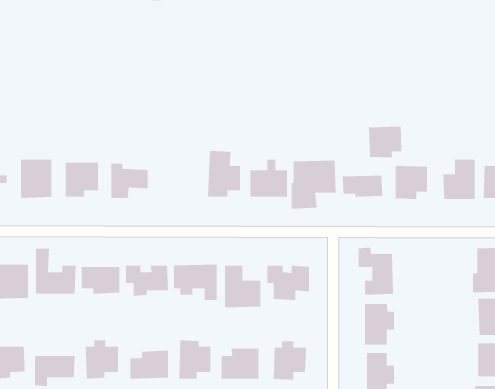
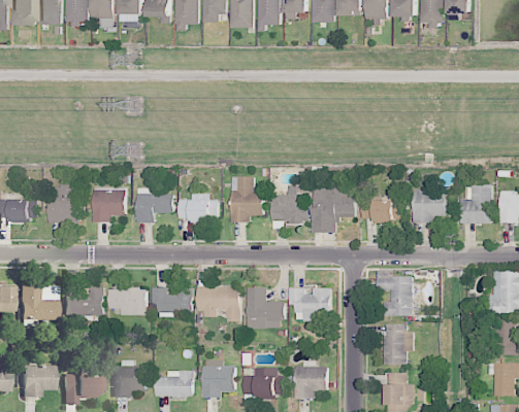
building: [369,126,402,158] -> none
building: none -> [179,194,219,221]

